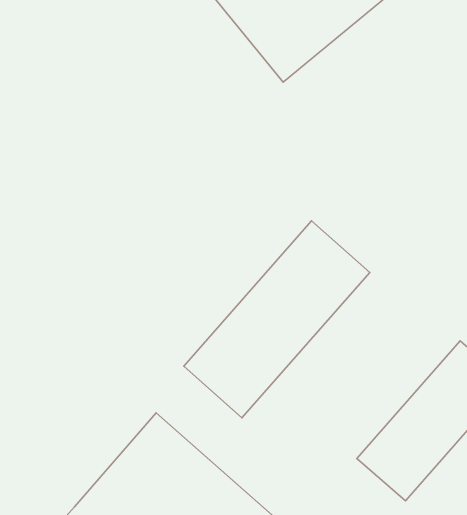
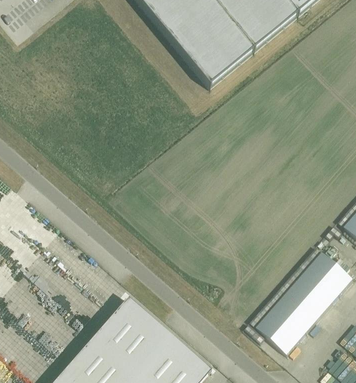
building: [184,221,370,418] -> none

